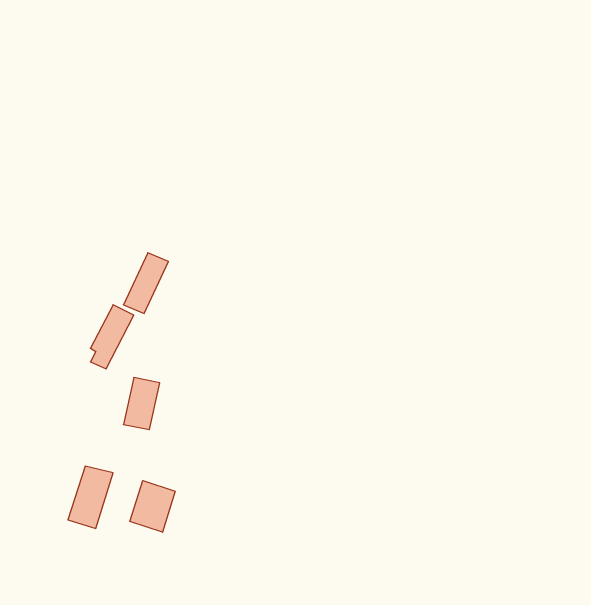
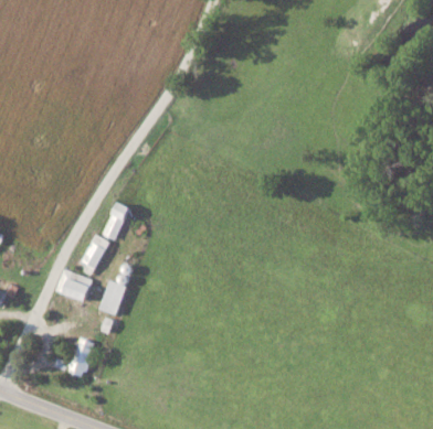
building: none -> [56,270,93,302]
building: [130,481,175,532] -> none

